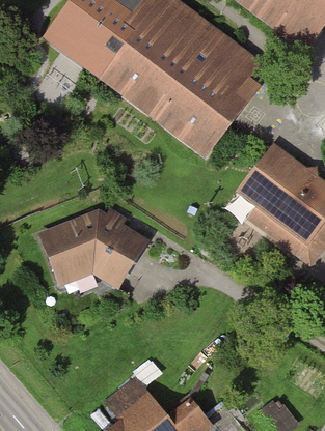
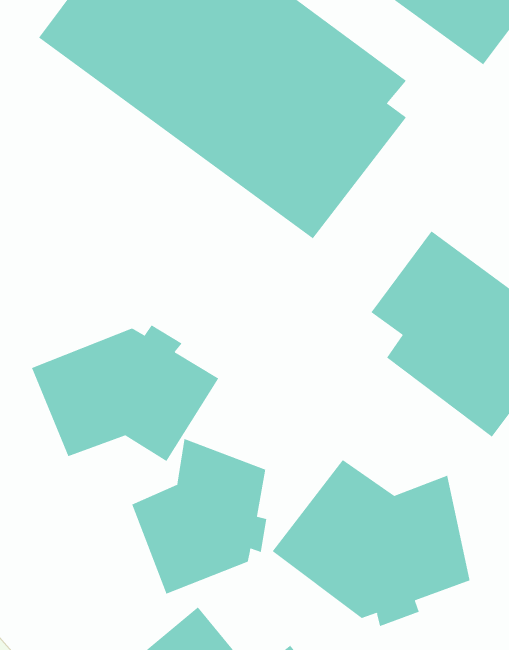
building: none -> [131,438,267,595]
building: none -> [272,459,470,627]

